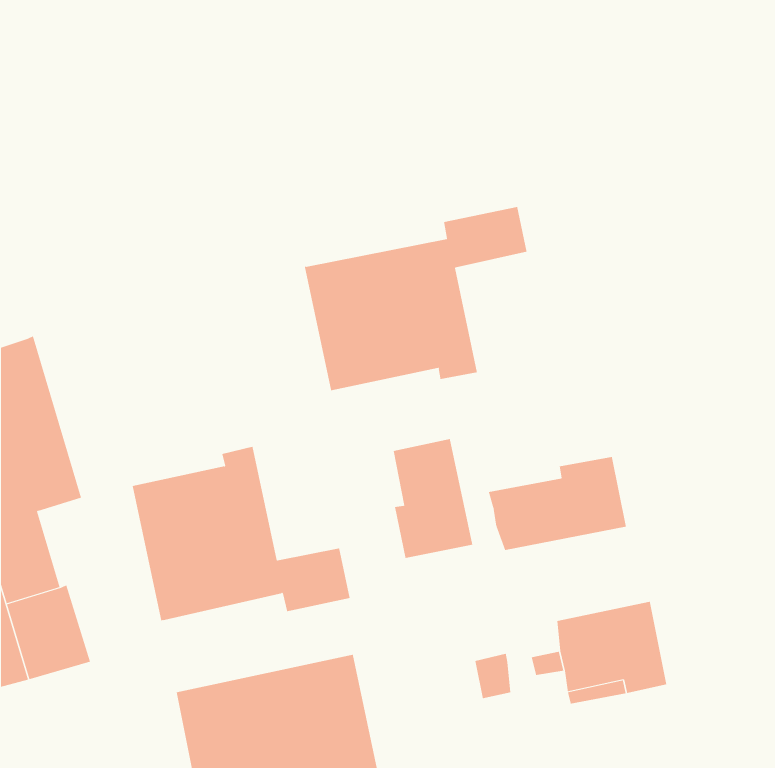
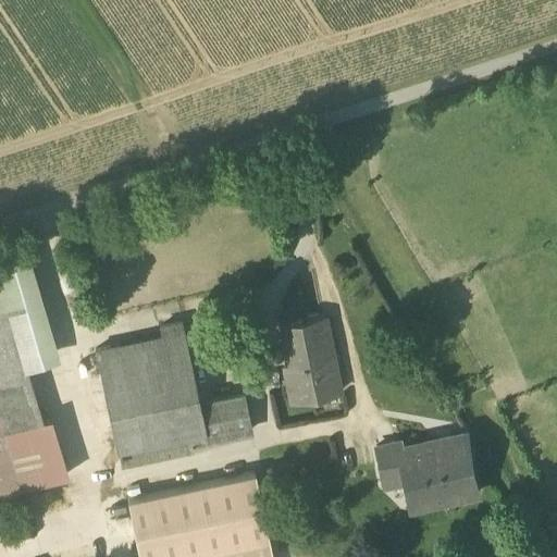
building: [304,206,527,391] -> none
building: [488,456,626,551] -> none
building: none -> [116,431,206,471]
building: [475,653,511,699] -> [375,444,401,476]

